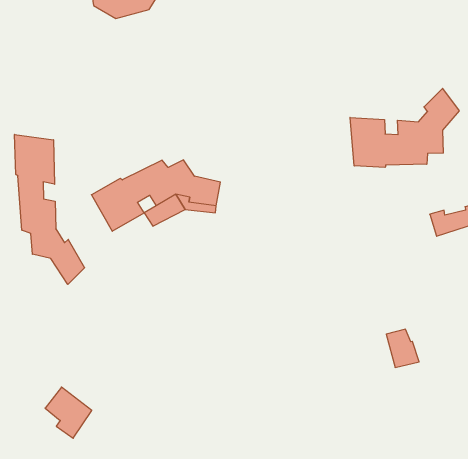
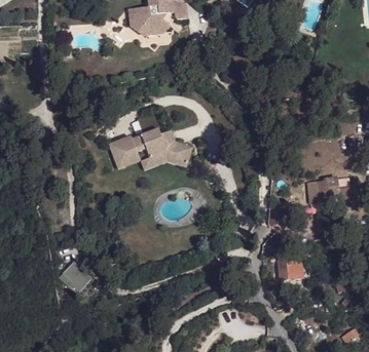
building: [350,88,459,167] -> none
building: [15,134,85,284] -> none

